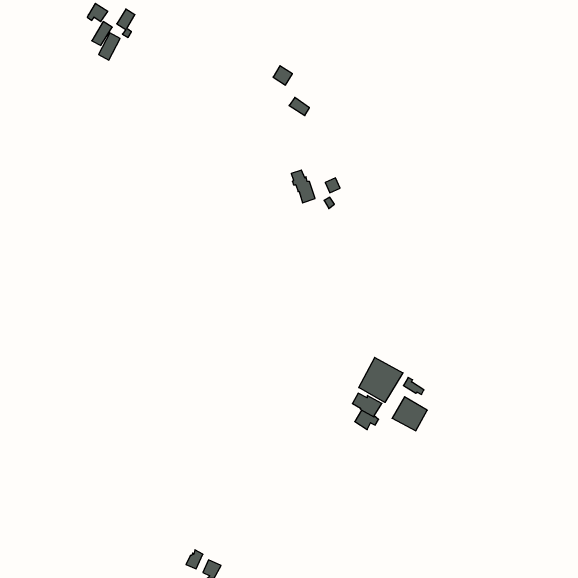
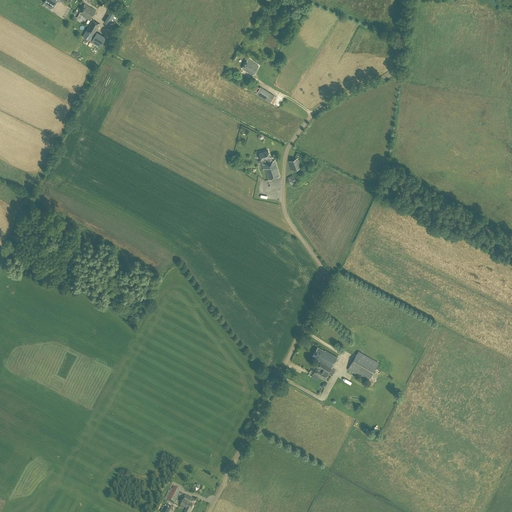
building: [359,357,403,402] -> none

